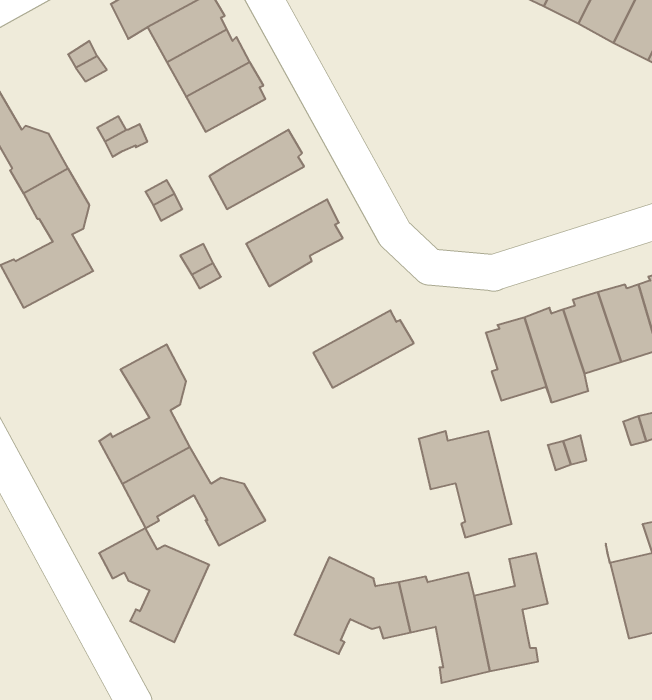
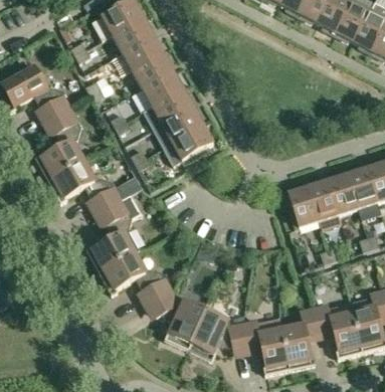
building: none -> [142,70,185,106]
building: none -> [47,160,122,211]
building: [313,310,414,388] -> [153,106,205,146]
building: [419,431,512,537] -> [314,303,362,358]
building: [99,528,209,642] -> [149,289,206,349]

